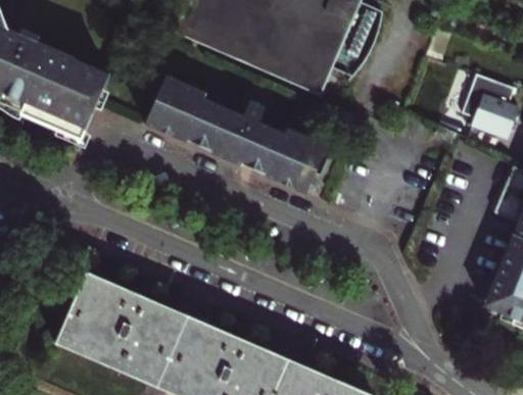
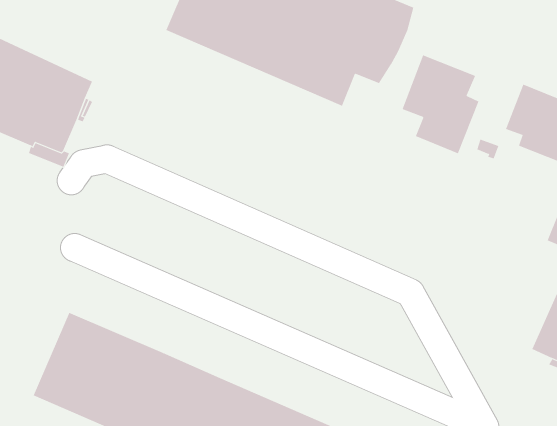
building: none -> [402,54,479,154]
building: [145,79,326,194] -> none

